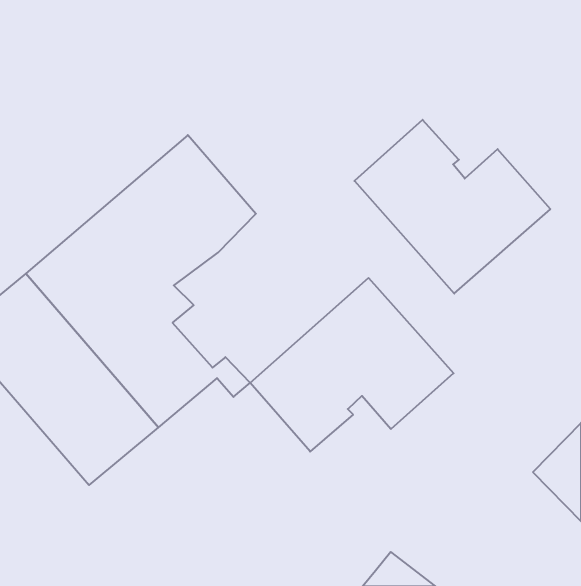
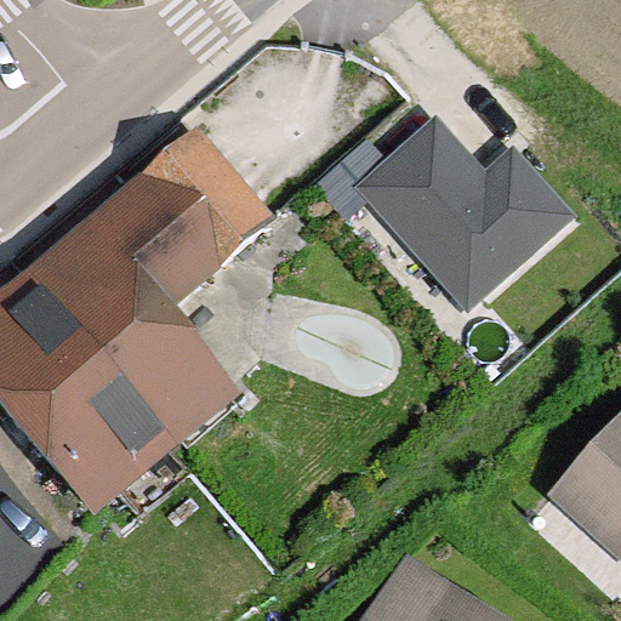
building: [250,278,454,452] -> none

